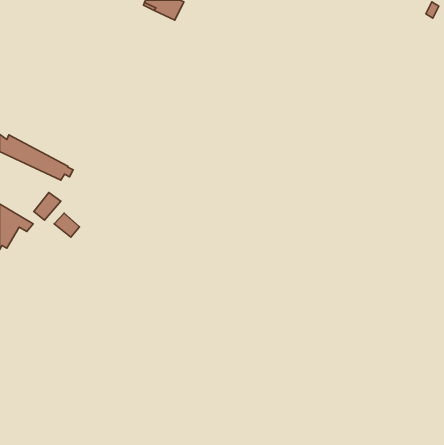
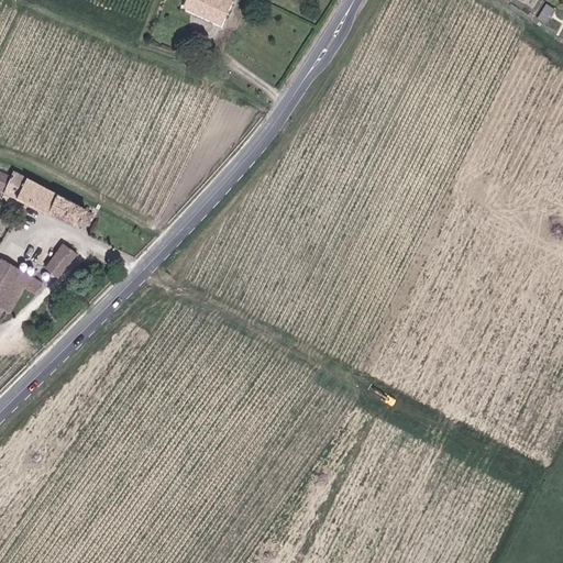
building: [54,213,79,237] -> none

